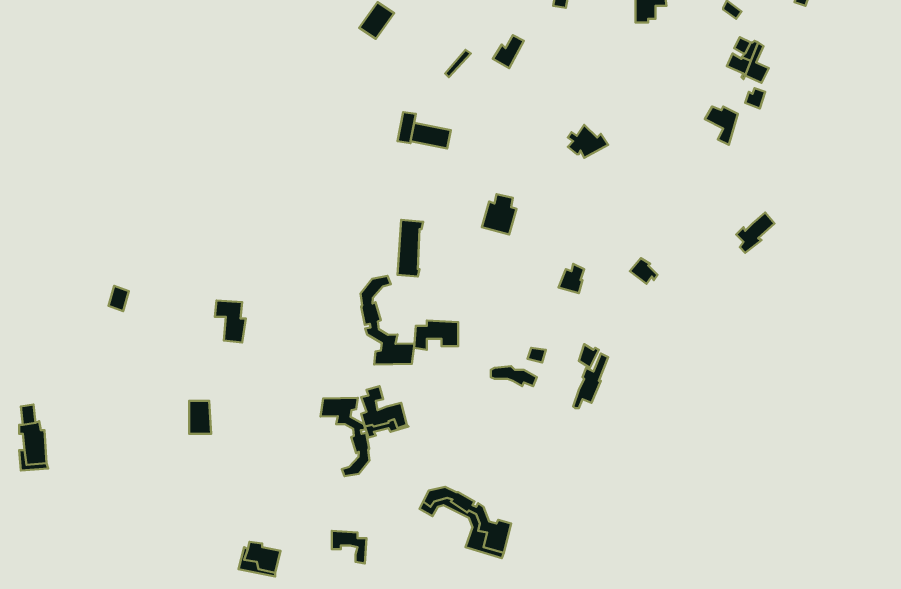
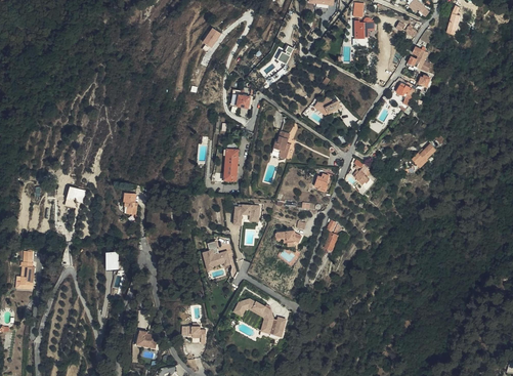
building: [361,276,414,364] -> none
building: [321,398,370,476] -> none

